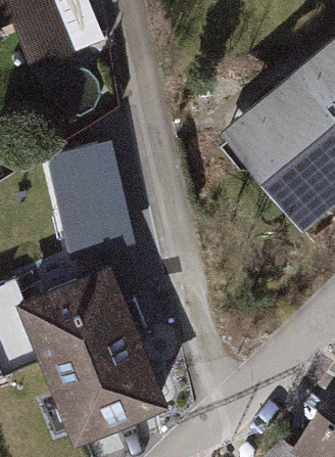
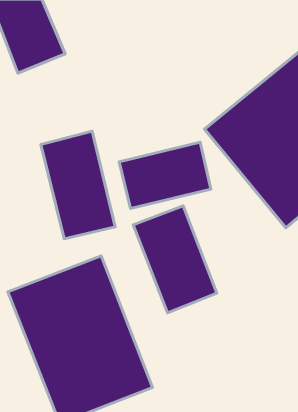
building: none -> [119,142,211,208]
building: none -> [133,206,217,313]

